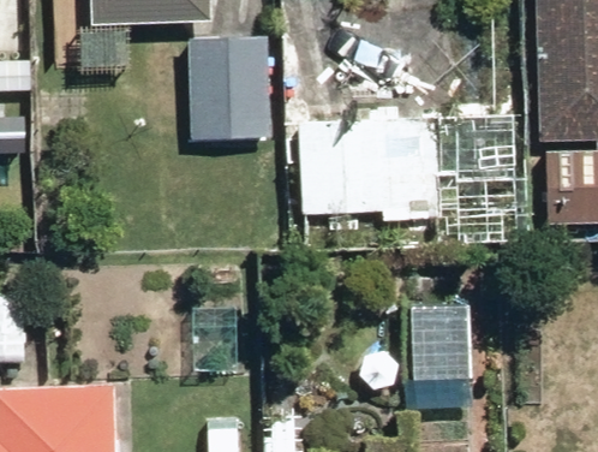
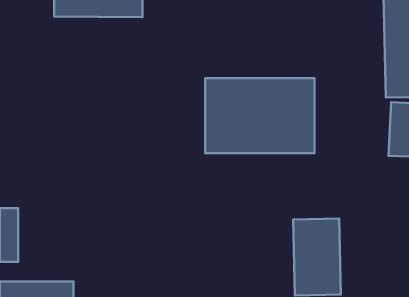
building: [189,37,277,138] -> none

